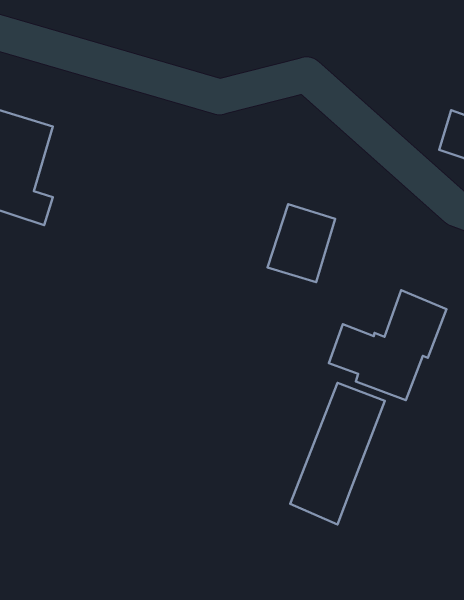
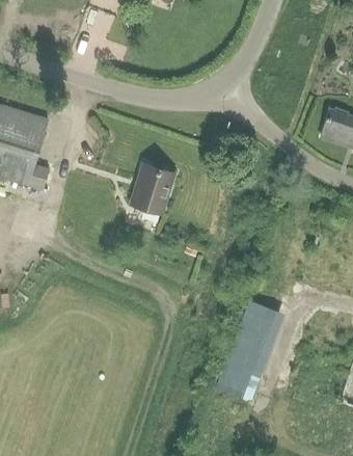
building: [267,204,335,282] -> [128,161,175,216]
building: [329,290,446,400] -> none

